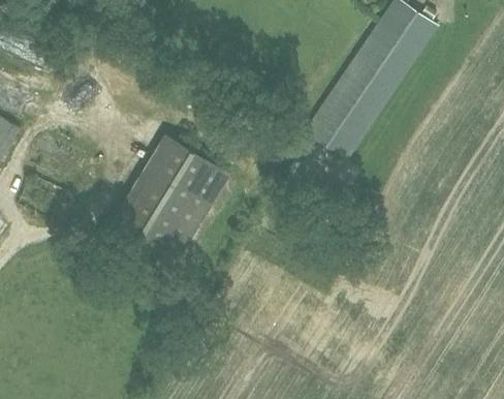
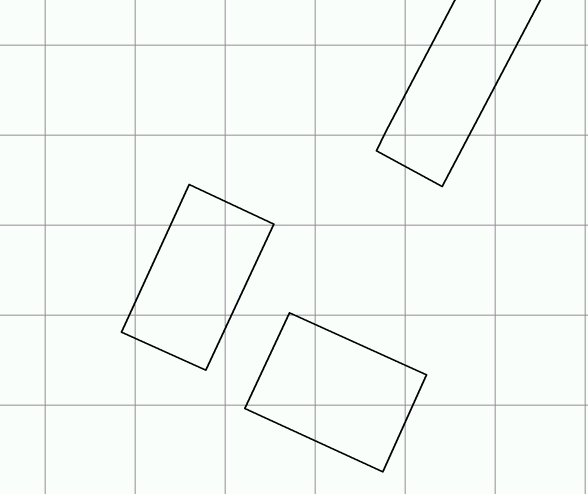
building: none -> [245,313,427,472]

